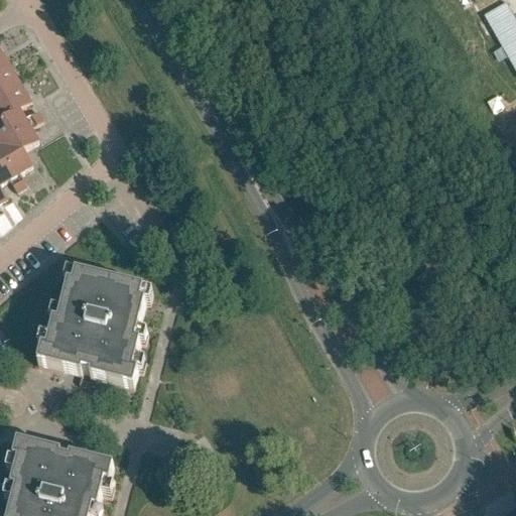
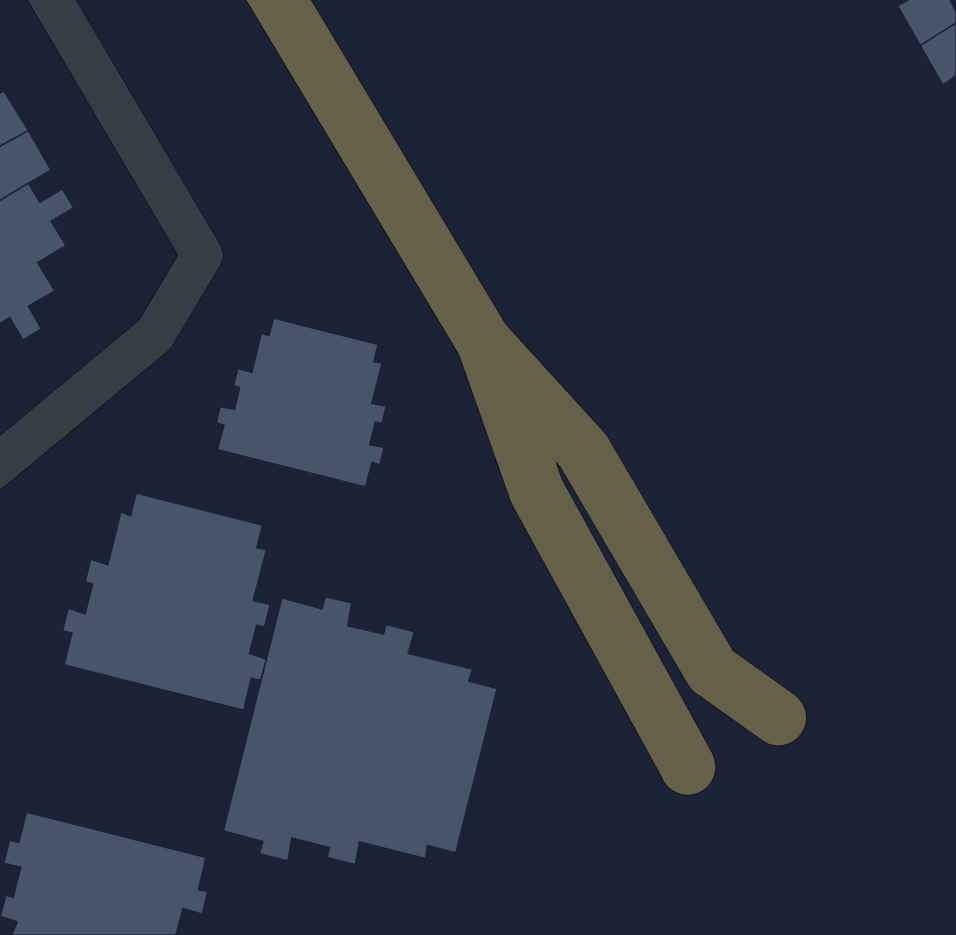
building: none -> [216,318,386,487]
building: none -> [223,597,497,865]

